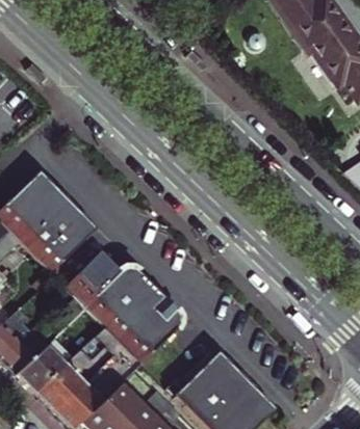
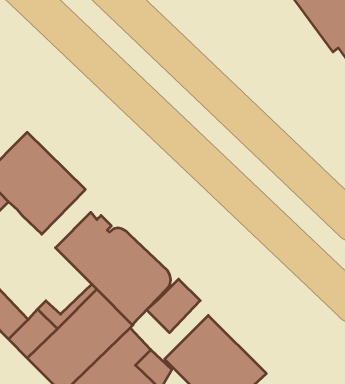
building: none -> [147,279,200,333]

